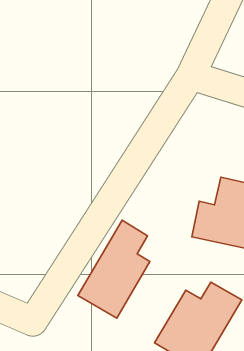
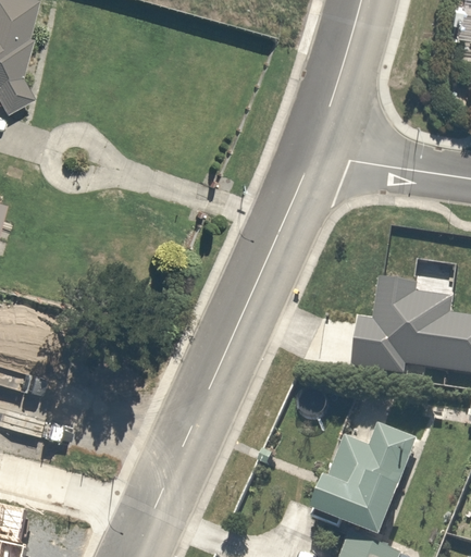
building: [78,220,150,318] -> none

